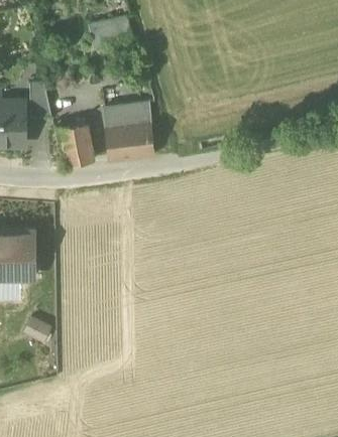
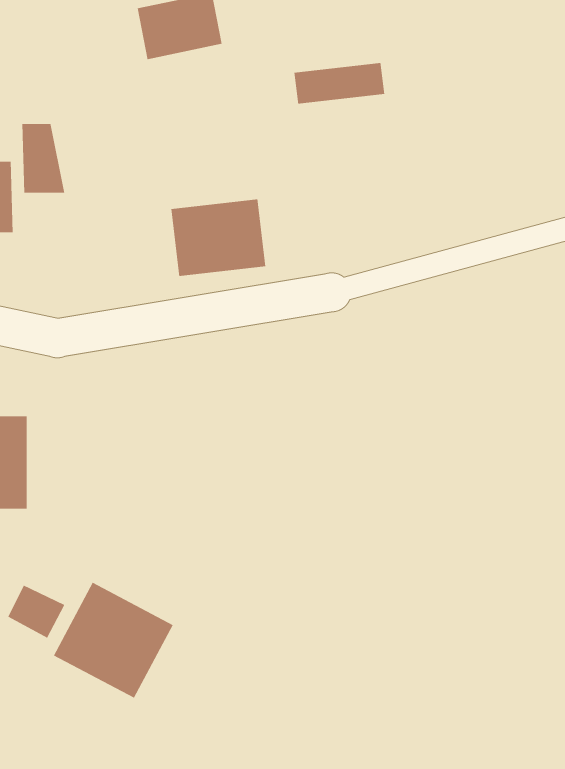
building: [103,104,149,125] -> [294,62,385,104]
building: [60,124,95,164] -> none
building: none -> [53,582,173,699]

